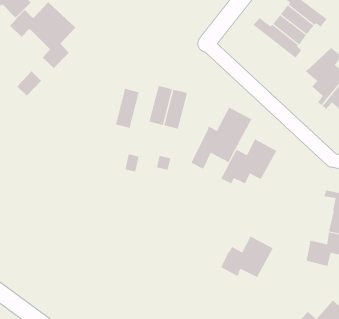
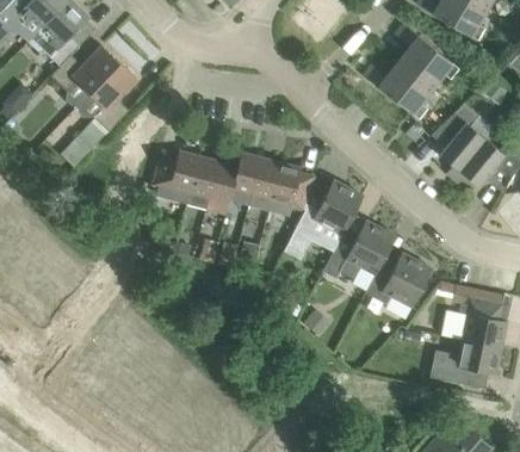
building: none -> [153,141,199,203]
building: none -> [206,161,239,212]
building: none -> [268,162,314,215]
building: [220,236,273,278] -> [364,253,432,307]

